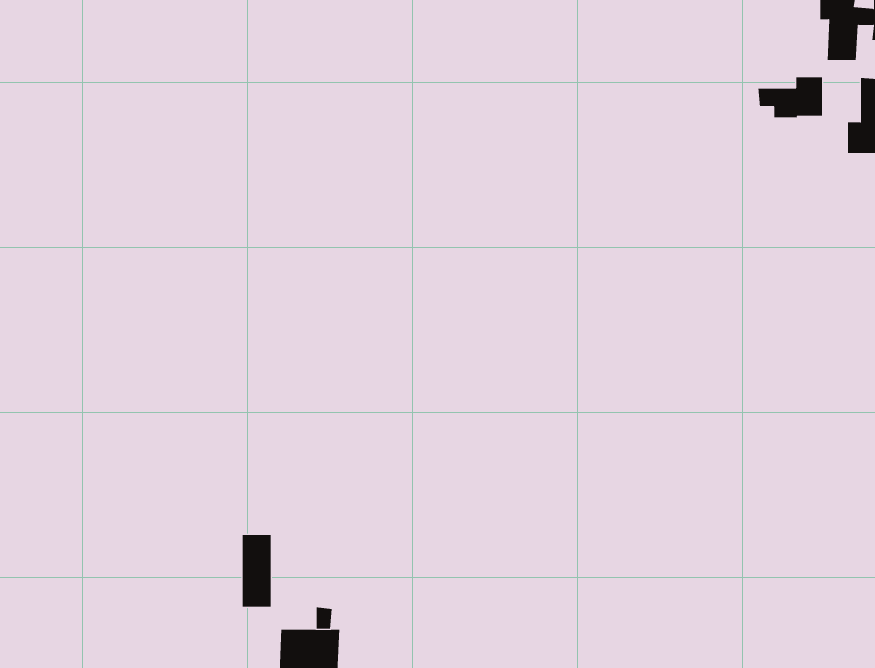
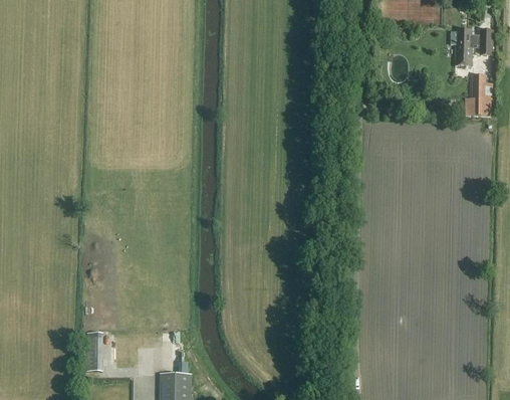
building: [758,77,823,118] -> none
building: [242,535,272,607] -> [87,331,103,370]

